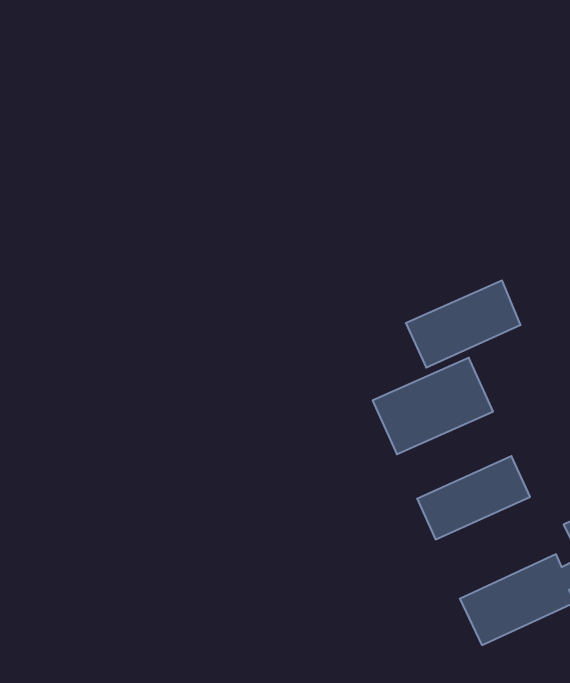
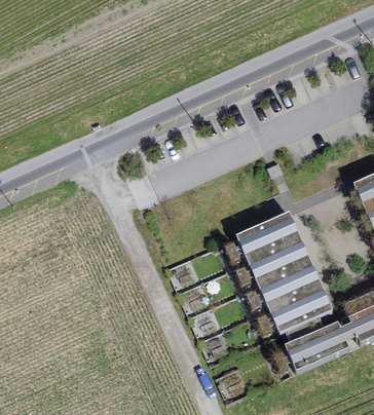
building: [406,280,521,368] -> [250,240,313,289]
building: none -> [271,288,333,332]

